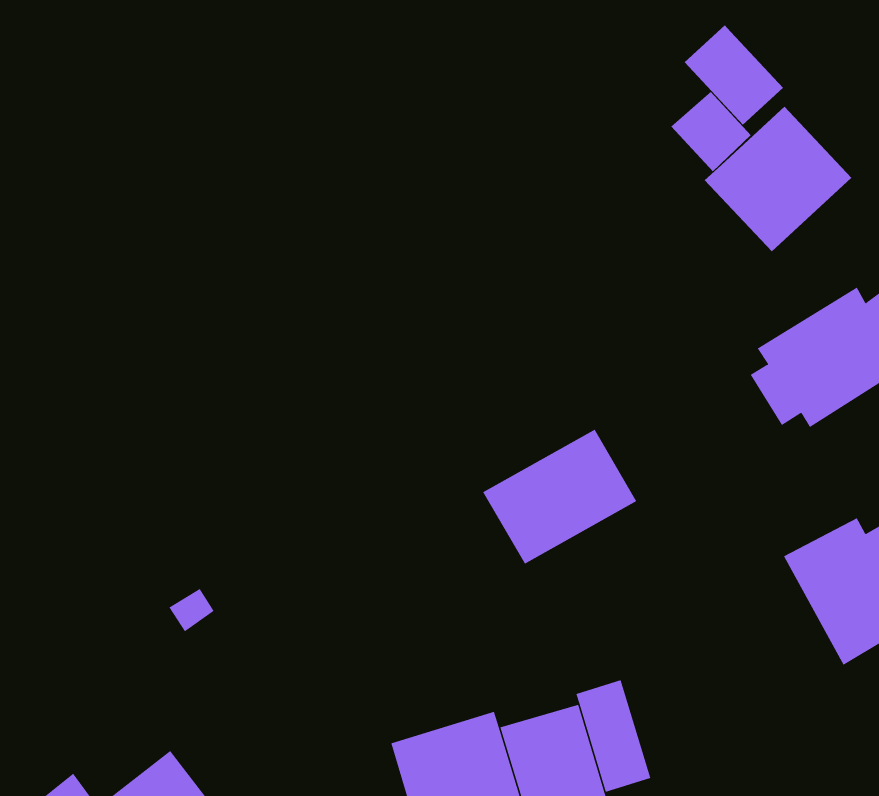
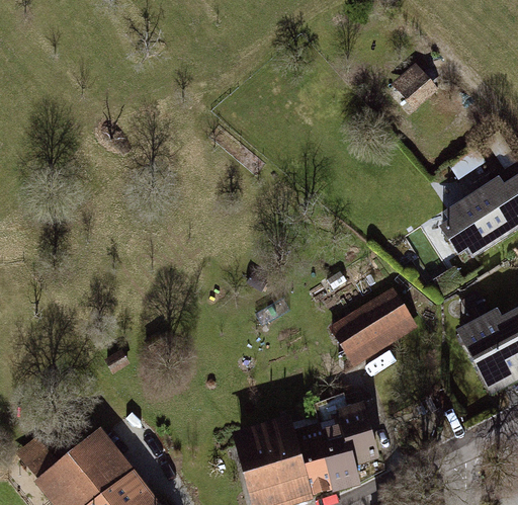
building: [684,24,784,126] -> none
building: [704,106,852,252] -> none
building: [482,429,637,565] -> [332,291,421,369]

